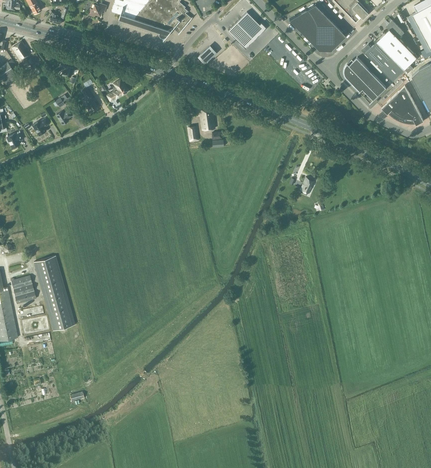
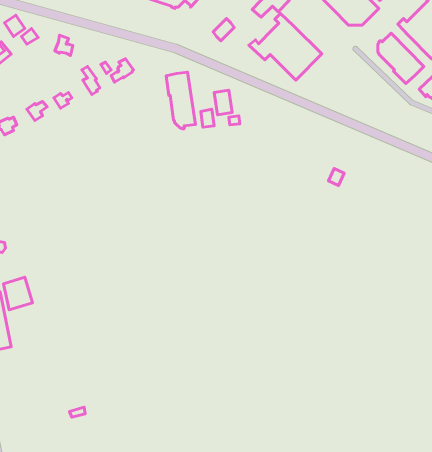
building: none -> [249,14,322,80]
building: none -> [166,72,195,129]
building: [34,255,75,330] -> none

